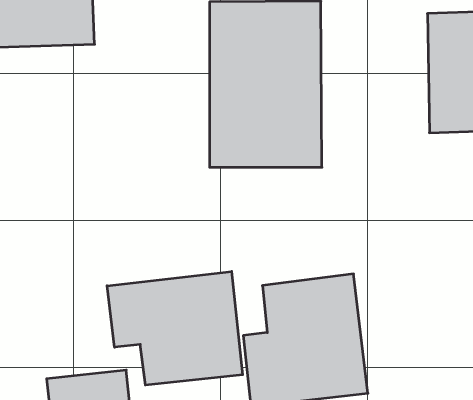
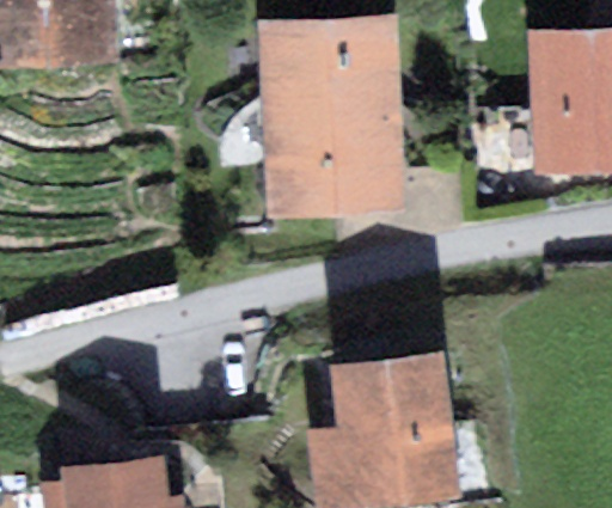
building: [107,271,243,385] -> none

